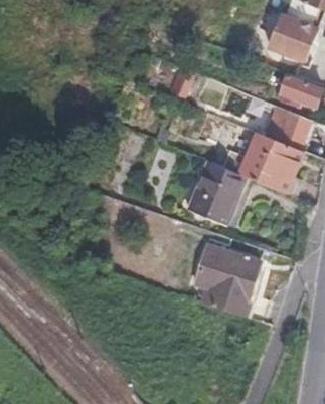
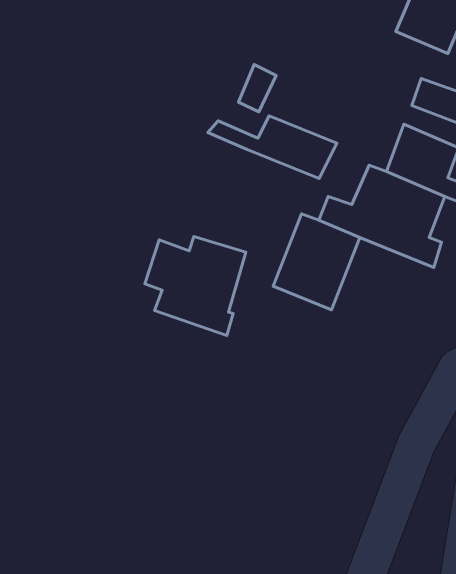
building: none -> [208,116,337,178]
building: [195,252,260,316] -> [145,237,246,336]

